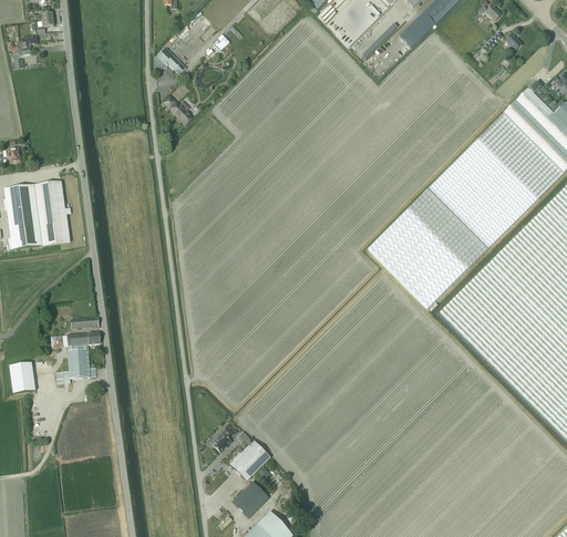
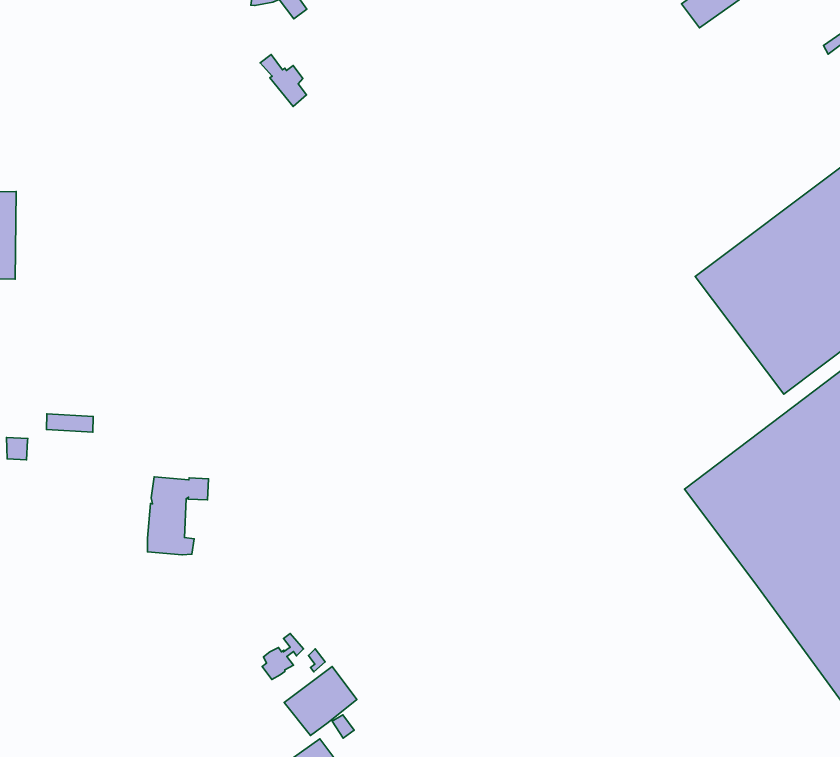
building: [35,179,71,244] -> none
building: [369,187,489,308] -> none
building: [69,330,101,376] -> [147,477,209,555]

